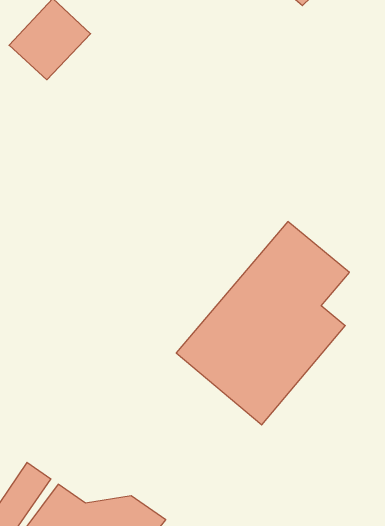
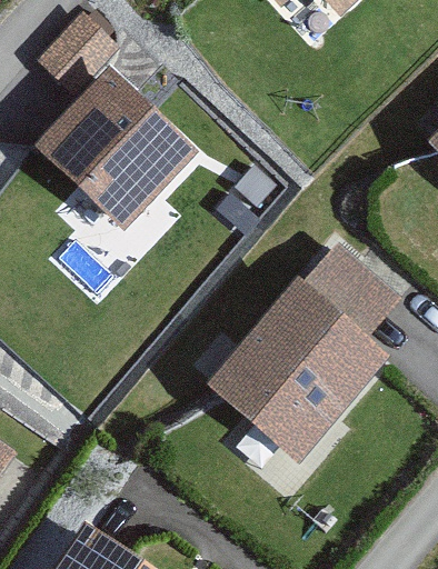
building: none -> [34,67,200,231]

